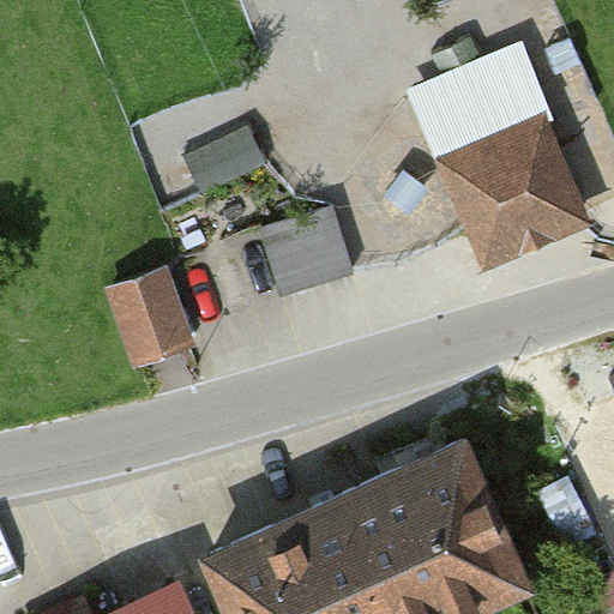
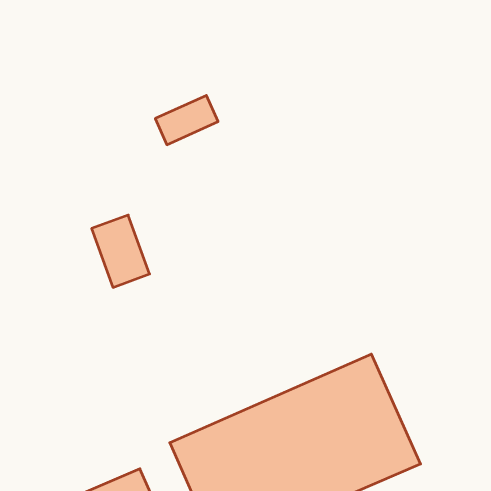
building: [425,70,579,257] -> none
building: [261,207,351,293] -> none

